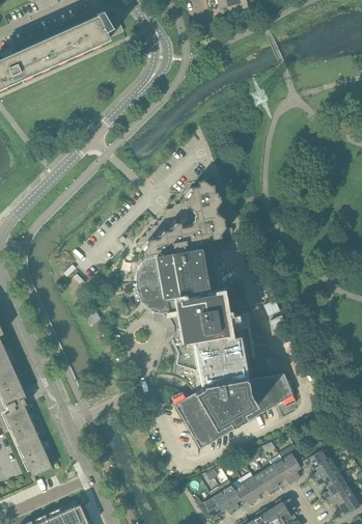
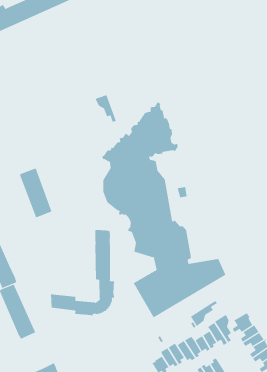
building: none -> [95,94,116,123]
building: none -> [19,167,52,218]
building: none -> [51,229,115,316]
building: none -> [190,300,218,327]

